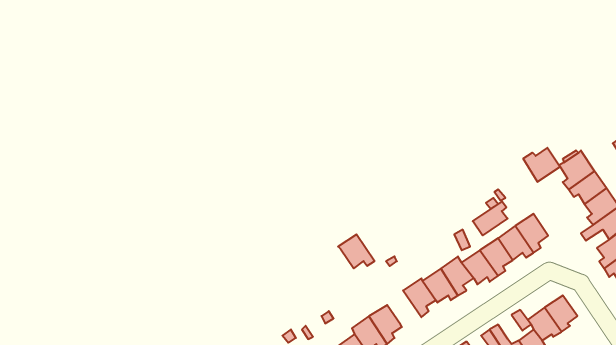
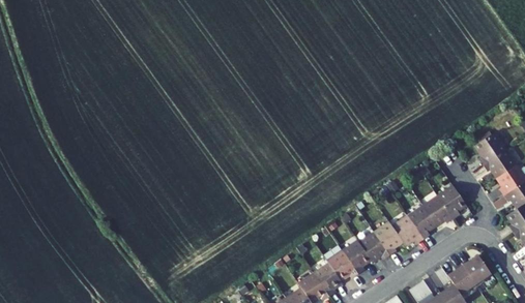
building: [523,148,560,182] -> none
building: [473,201,508,235] -> none
building: [338,234,375,268] -> [327,250,358,279]

